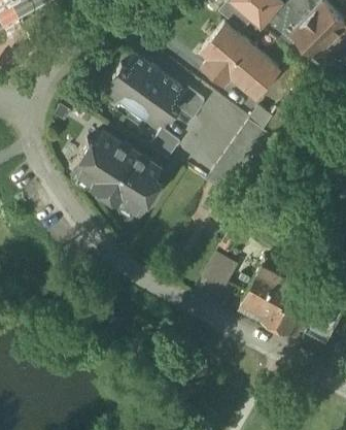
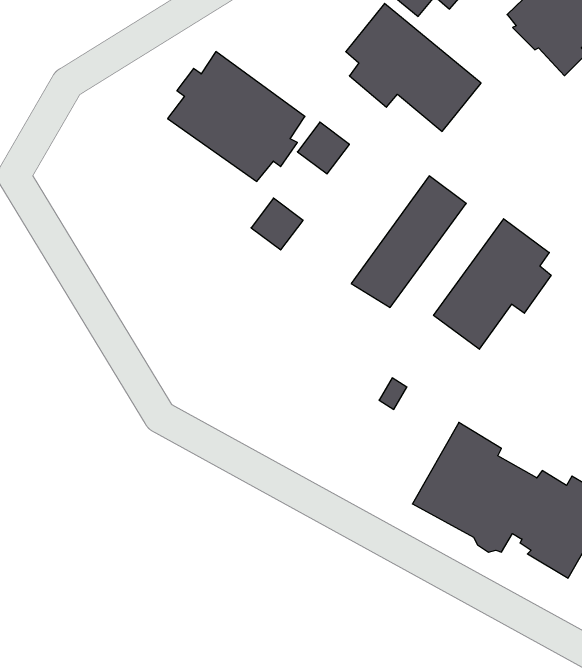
building: [71,132,155,210] -> none
building: none -> [434,219,551,349]
building: [202,256,239,293] -> none

